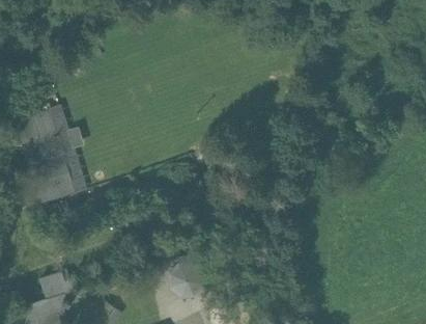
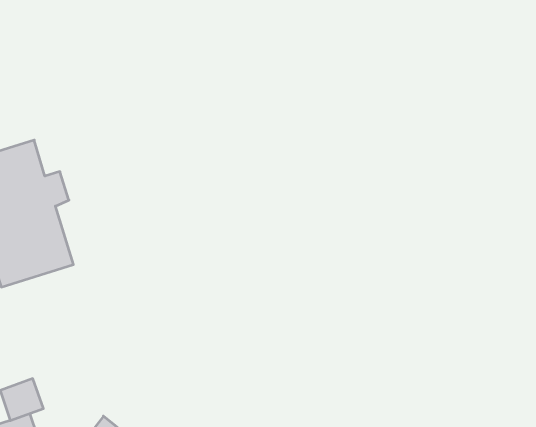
building: [168,262,203,297] -> none

